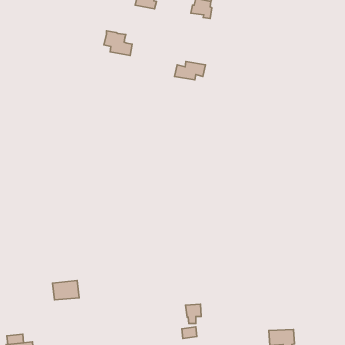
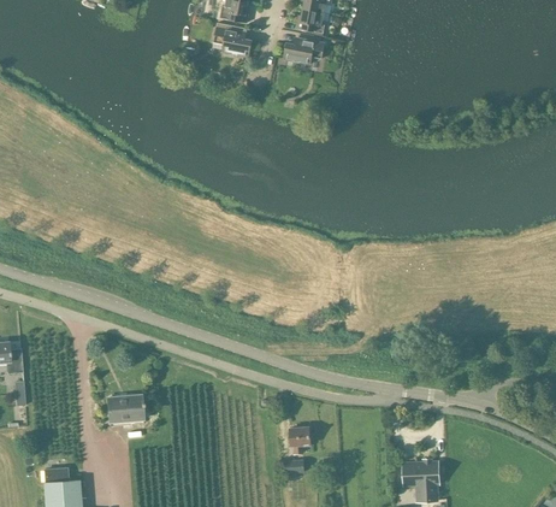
building: [104,31,132,55] -> [214,22,253,55]
building: [175,61,205,80] -> [284,37,326,63]

